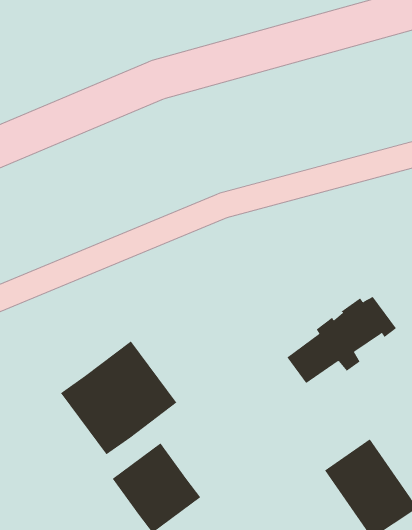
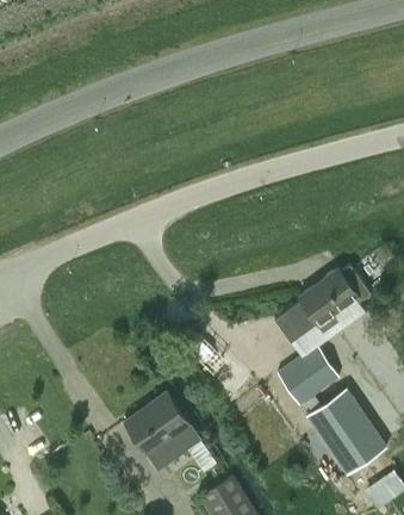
building: [60,341,177,455] -> none
building: none -> [278,345,341,407]

